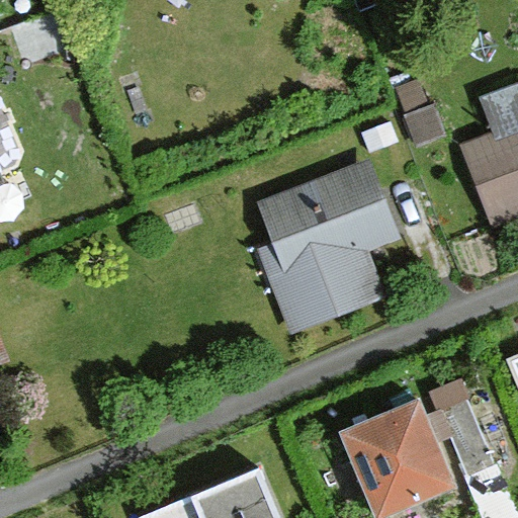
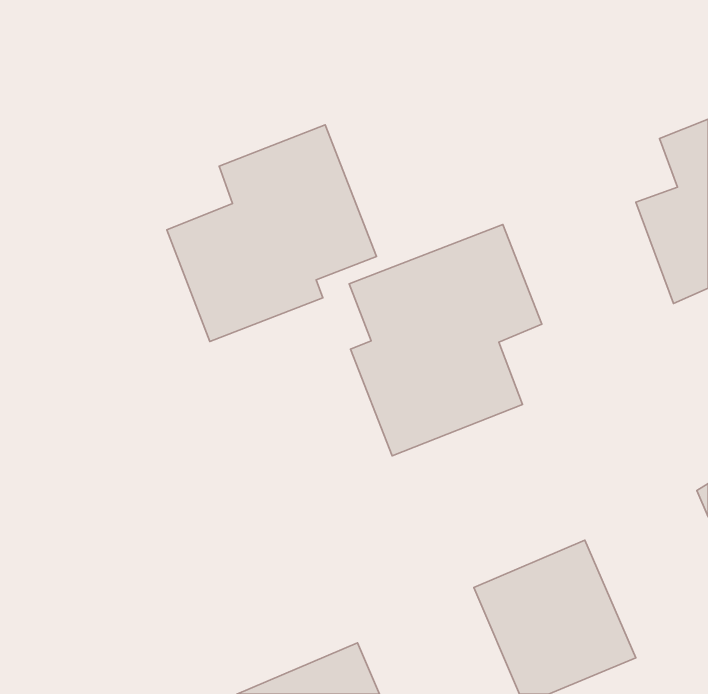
building: none -> [167,125,376,342]

